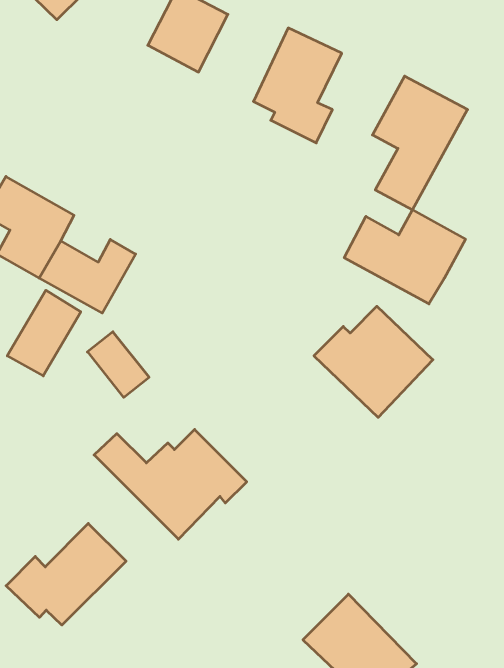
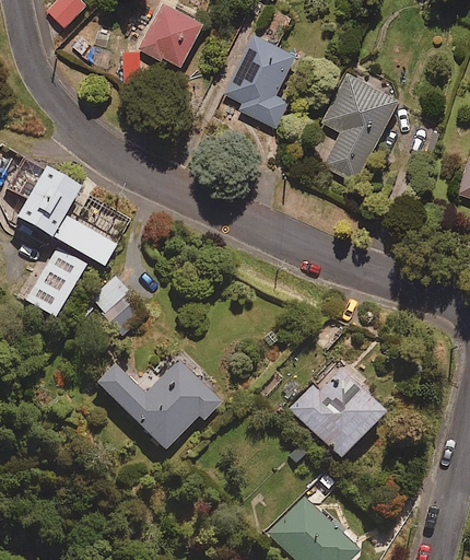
building: [344,210,465,304] -> none
building: [314,306,433,417] -> [287,368,385,458]
building: [6,523,126,625] -> none

